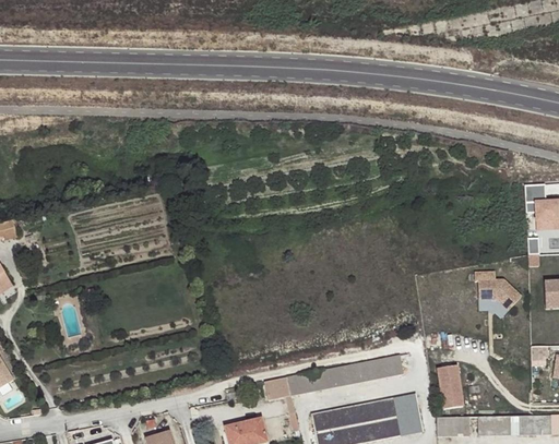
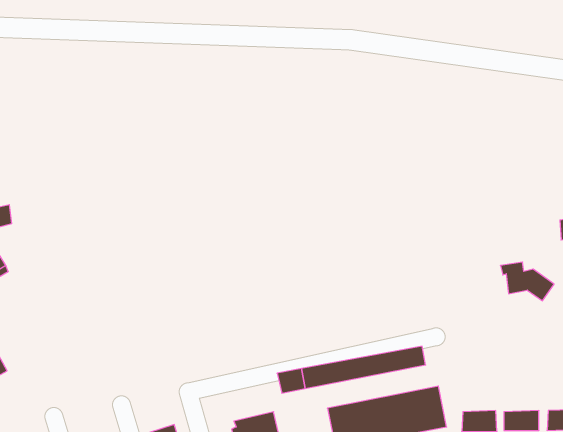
building: [438,364,464,408] -> none

